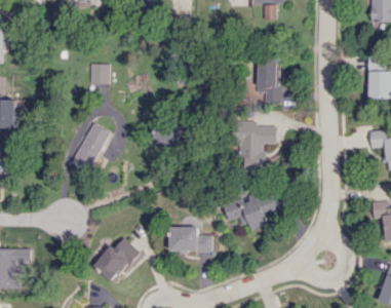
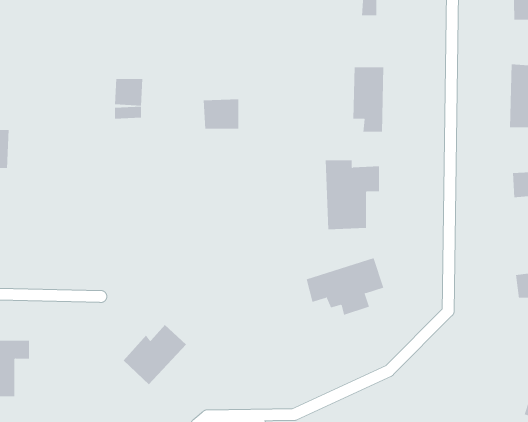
building: [71,122,110,172] -> none
building: [154,124,180,146] -> [203,99,239,129]
building: [169,226,212,253] -> none

